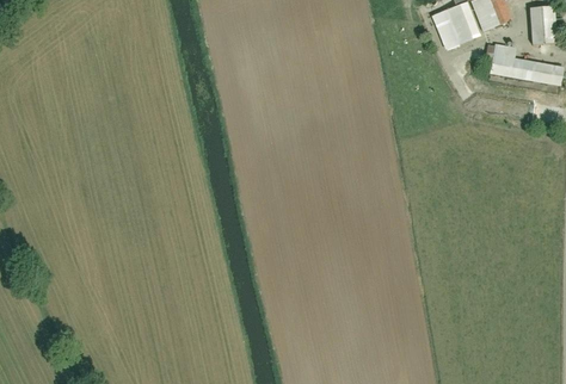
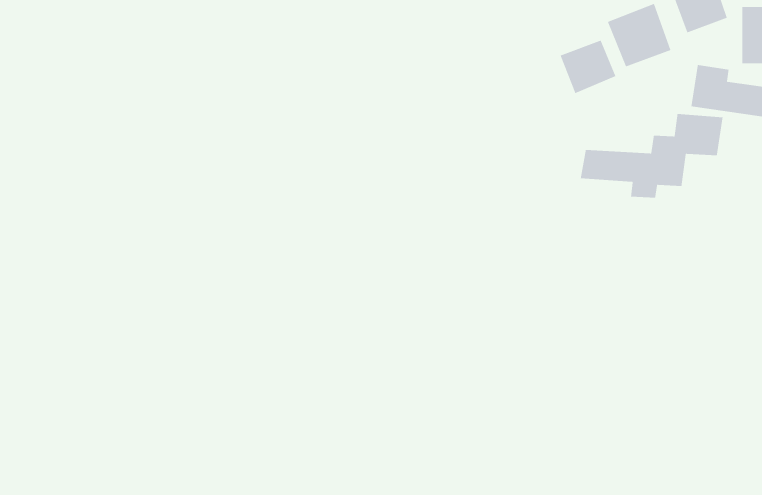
building: none -> [559,39,616,94]
building: none -> [580,113,724,198]

